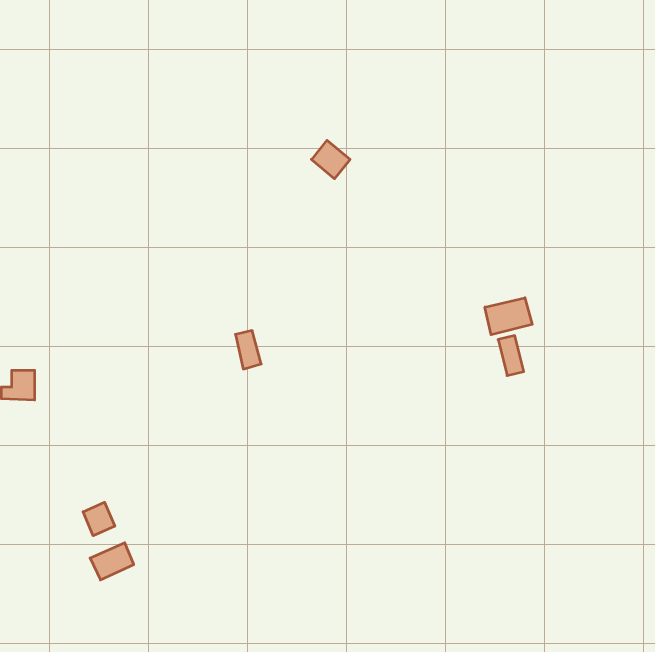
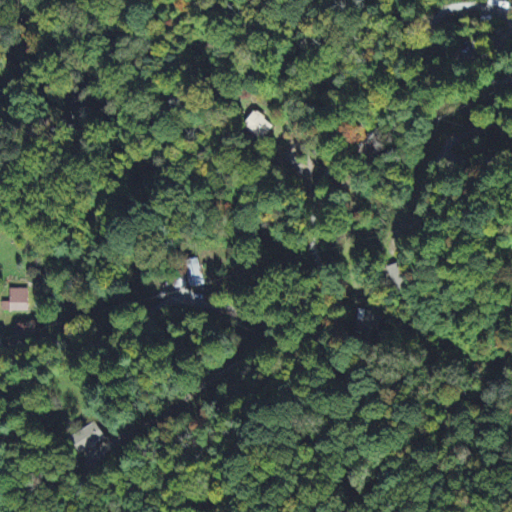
building: [485,298,532,335] -> none
building: [83,502,115,536] -> none

